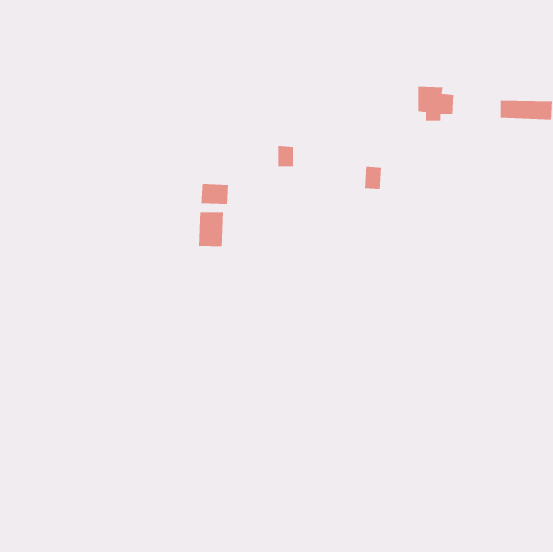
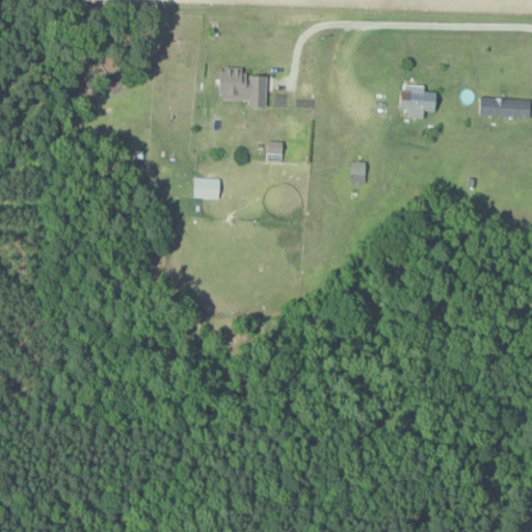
building: none -> [219,66,267,107]
building: [198,211,224,247] -> none

